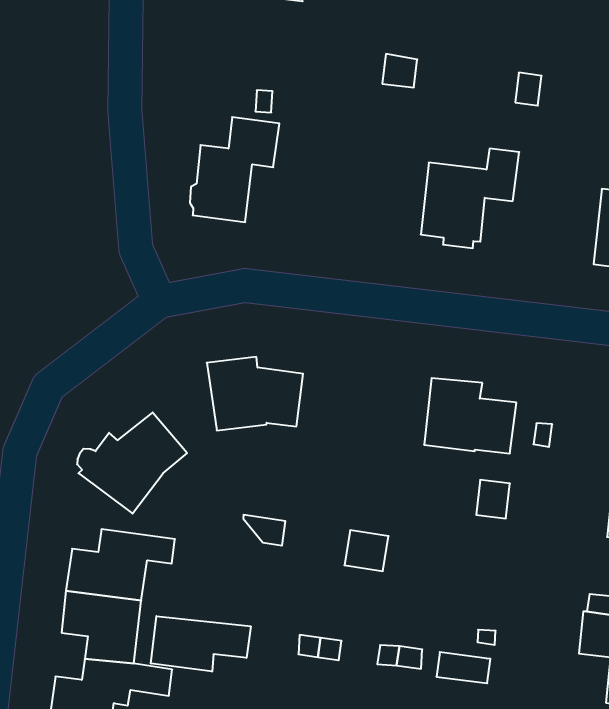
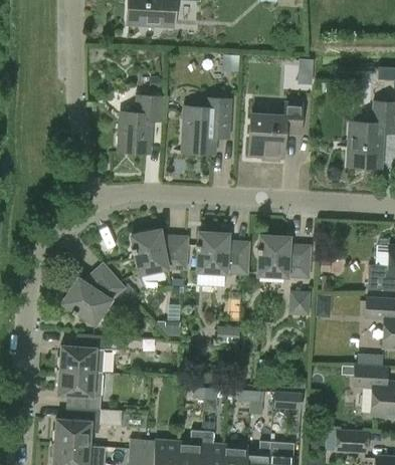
building: none -> [183,97,232,153]
building: none -> [197,232,248,273]
building: [151,616,251,672] -> none

